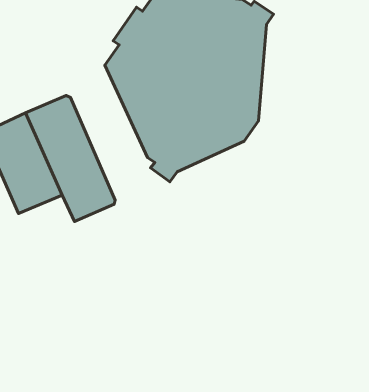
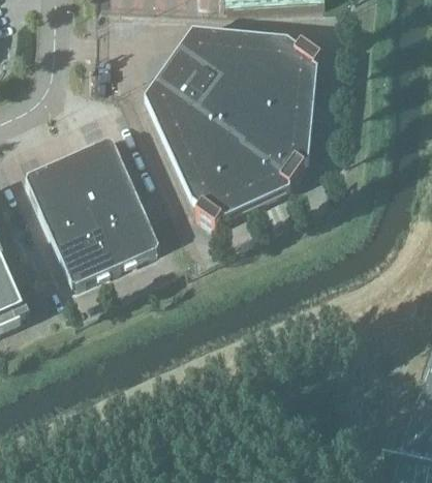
building: none -> [60,237,117,282]

